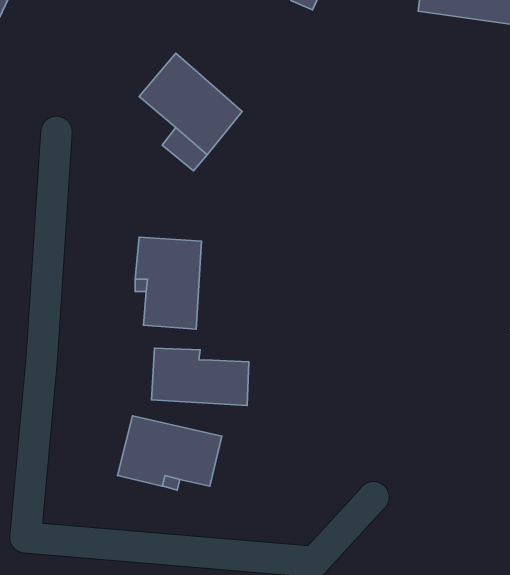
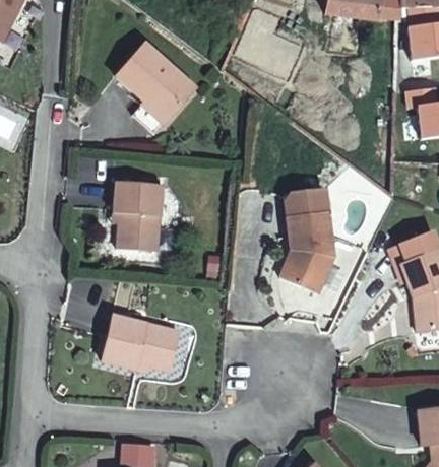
building: none -> [280,193,334,297]
building: [152,348,249,406] -> none

